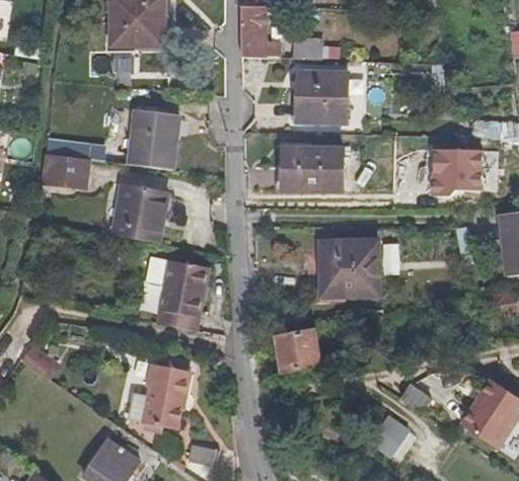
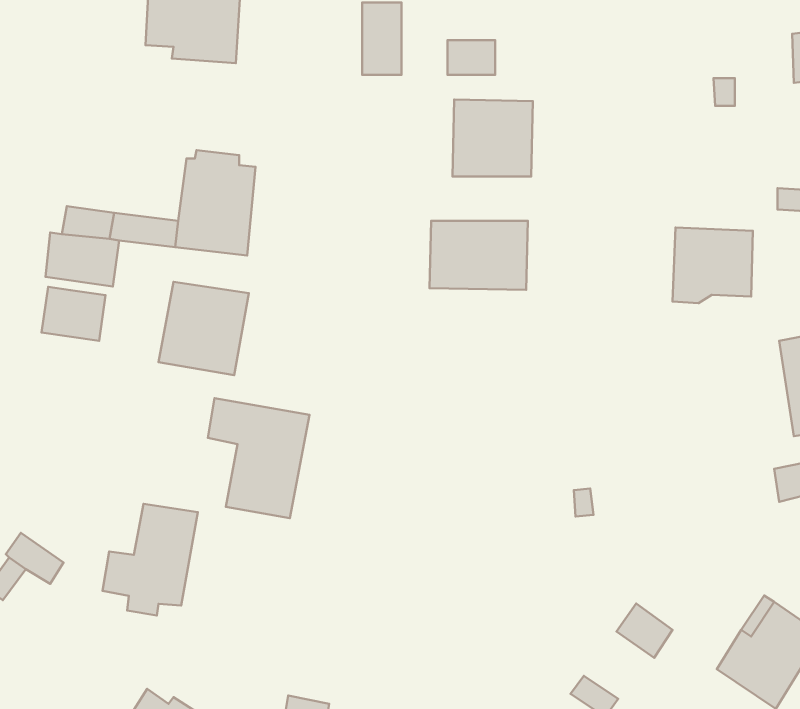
building: none -> [42,287,106,341]
building: [321,240,381,296] -> none
building: [277,329,320,371] -> none
building: [130,363,189,431] -> [103,504,198,615]

